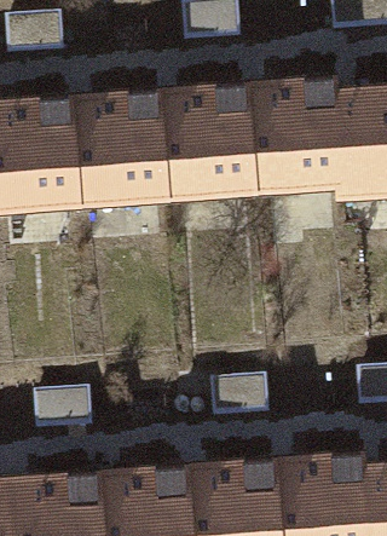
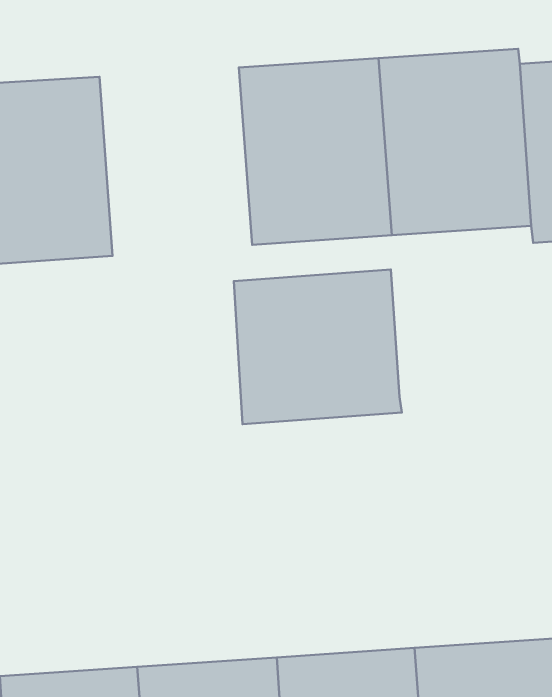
building: [69,87,167,208] -> none
building: none -> [234,270,402,424]

